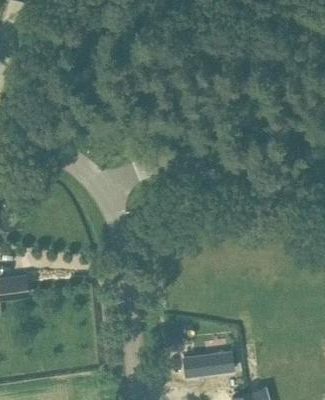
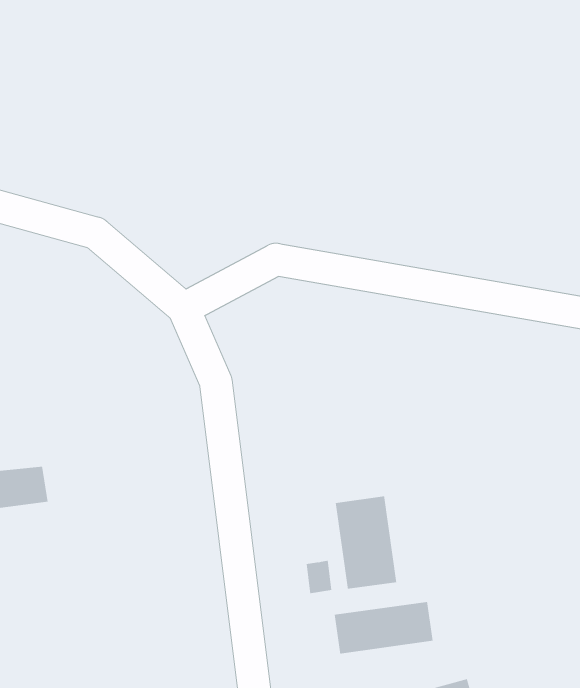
building: none -> [335,496,397,589]

